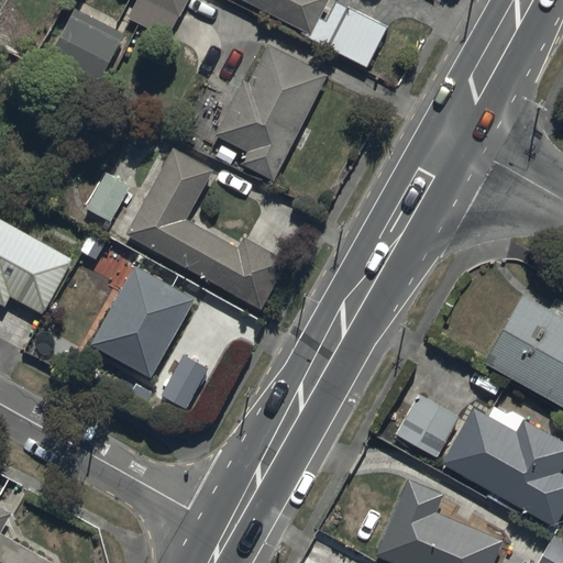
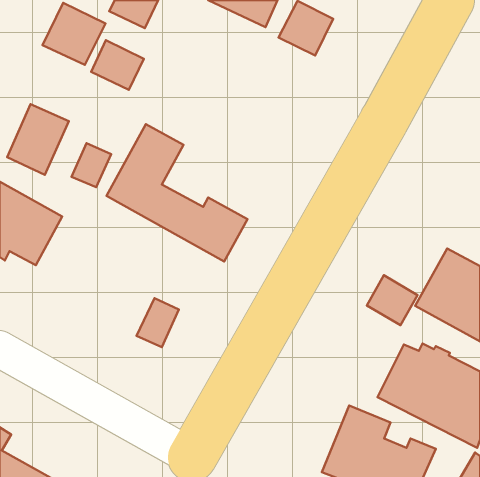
building: [214,44,328,181] -> none
building: none -> [91,40,144,90]
building: none -> [7,104,69,175]
building: [89,264,196,379] -> none
building: [400,394,460,452] -> [367,275,418,325]

